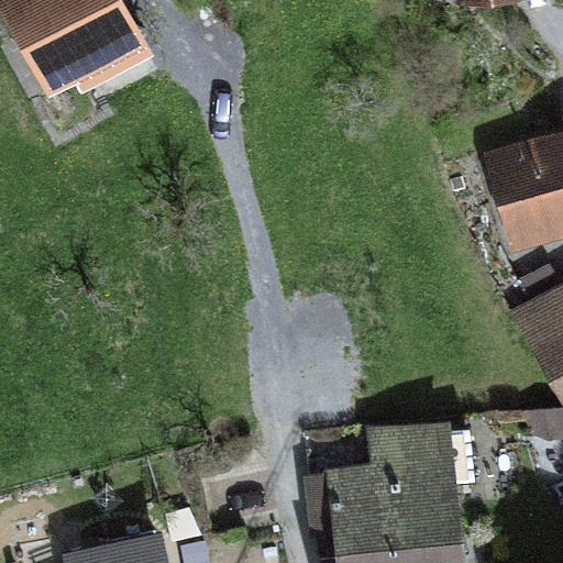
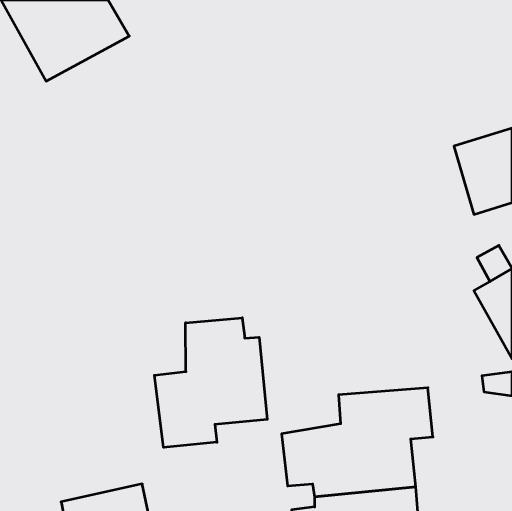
building: none -> [154,318,267,447]

